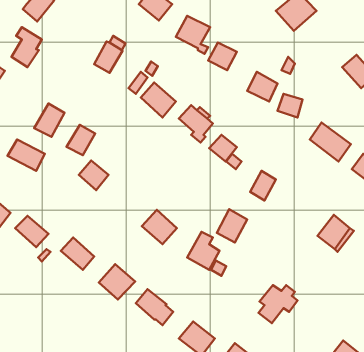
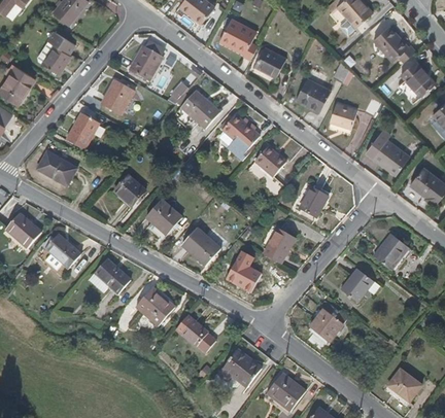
building: none -> [372,27,414,63]
building: [67,125,95,155] -> [102,81,133,114]
building: none -> [145,200,181,235]
building: none -> [339,269,379,302]

